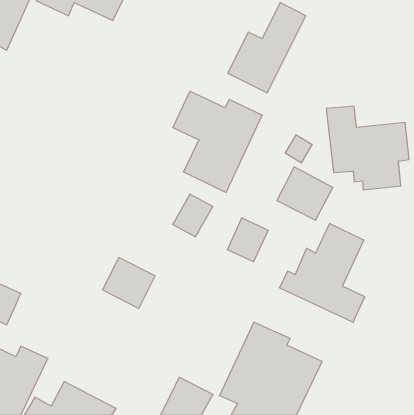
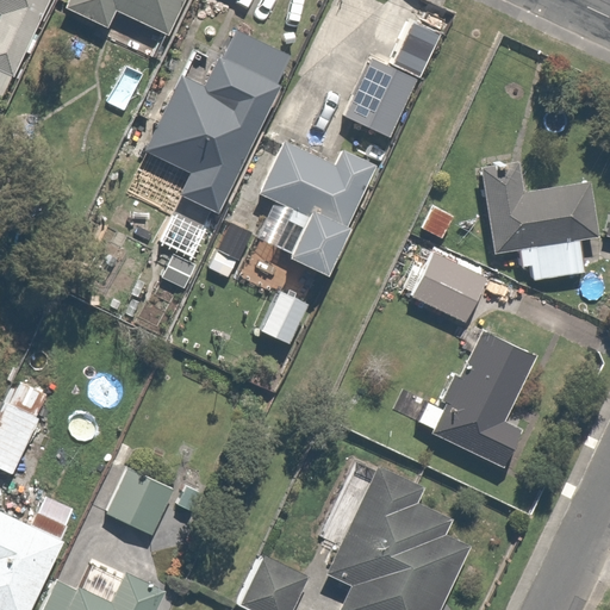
building: none -> [139,27,297,218]
building: [228,218,268,262] -> none
building: [103,258,155,309] -> [100,463,176,537]

